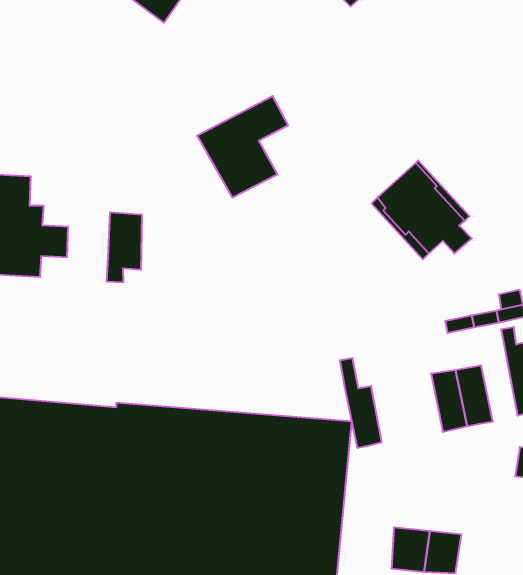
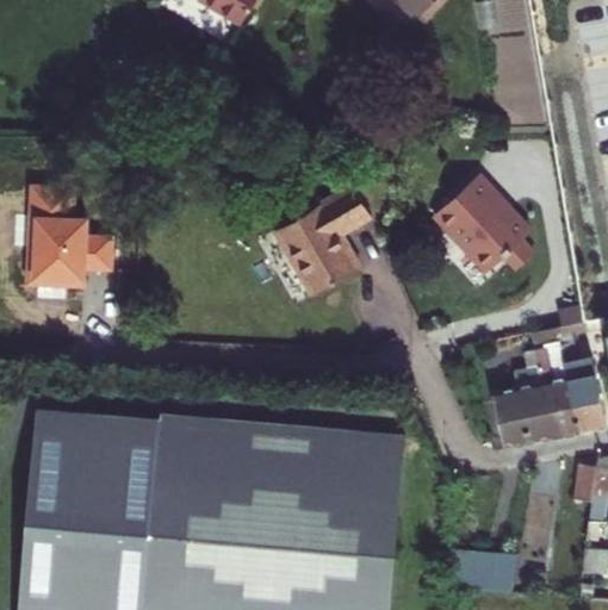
building: [197,96,288,197] -> [271,187,364,291]
building: [107,212,142,282] -> none
building: [340,358,382,448] -> [534,346,577,437]

